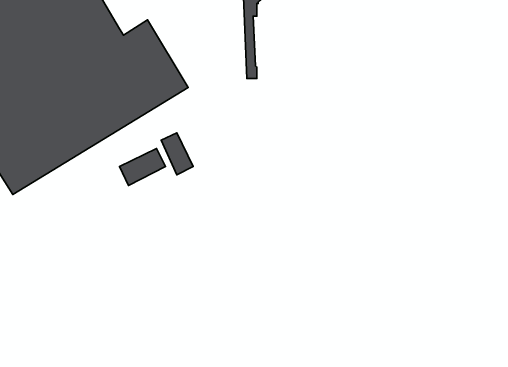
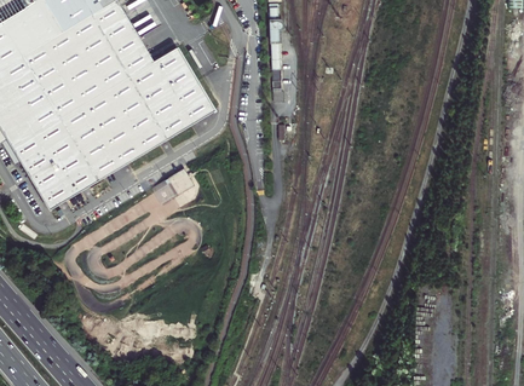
building: [161,133,193,175] -> none

